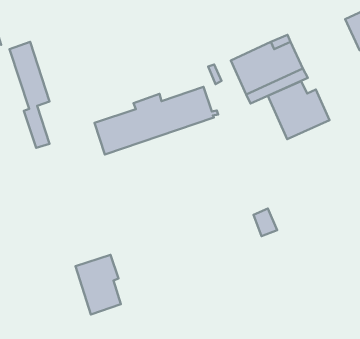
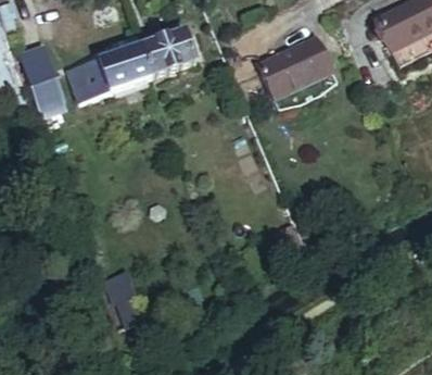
building: [268,81,329,139] -> none
building: [95,87,218,155] -> [71,29,201,101]

